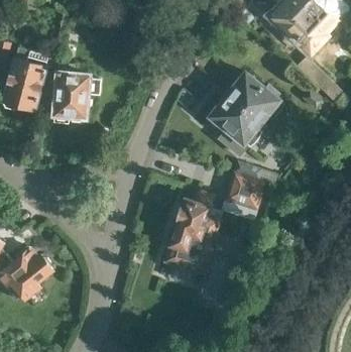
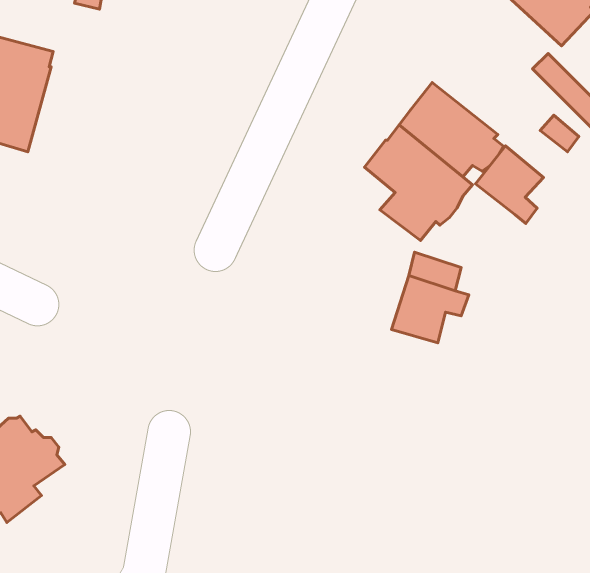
building: [52,72,100,123] -> none
building: none -> [475,146,544,224]
building: [164,190,219,272] -> none

